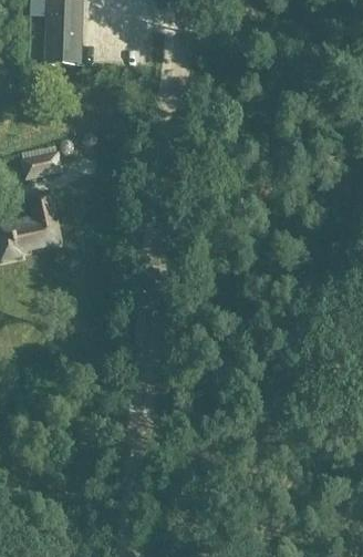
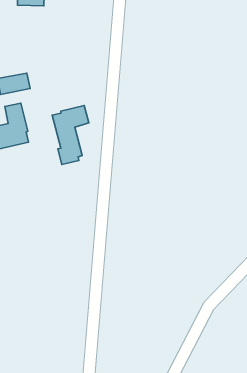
building: none -> [52,106,89,164]

